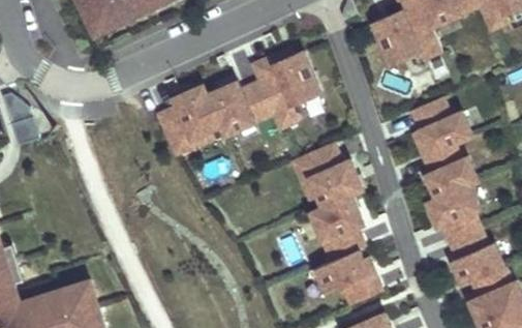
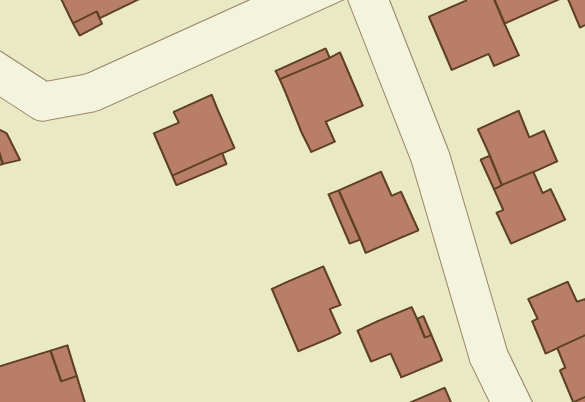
building: [206,82,272,137] -> none
building: [426,186,480,244] -> none
building: [310,196,364,262] -> [272,266,341,351]

